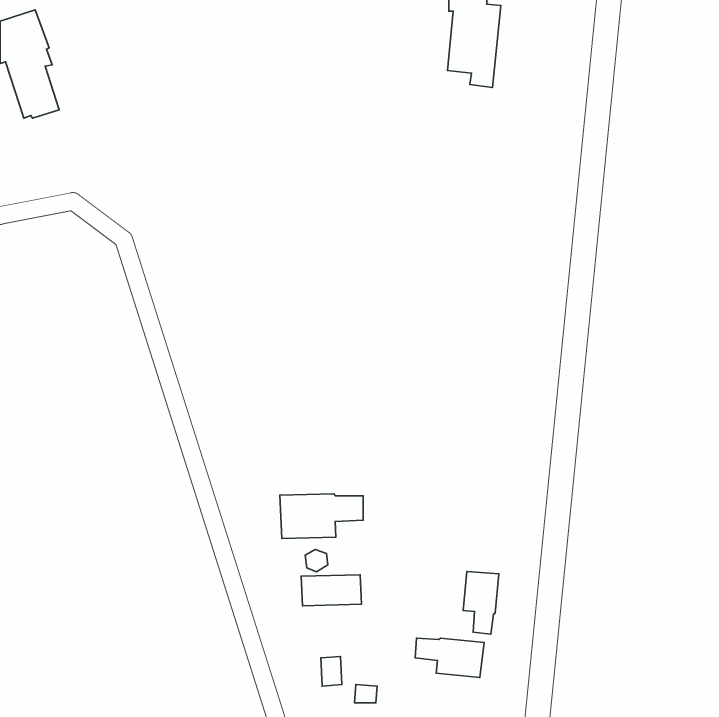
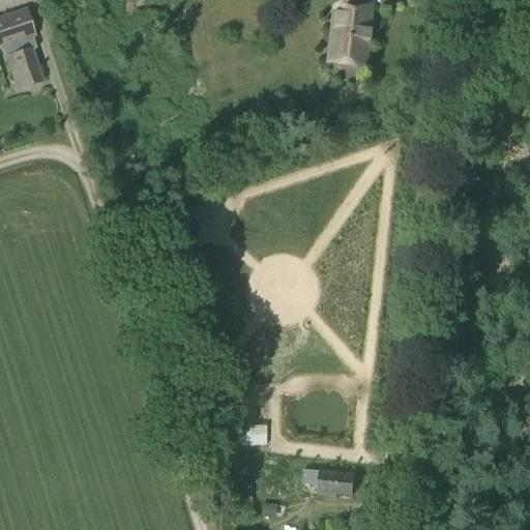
building: [280,494,363,538] -> none
building: [463,571,499,634] -> none

